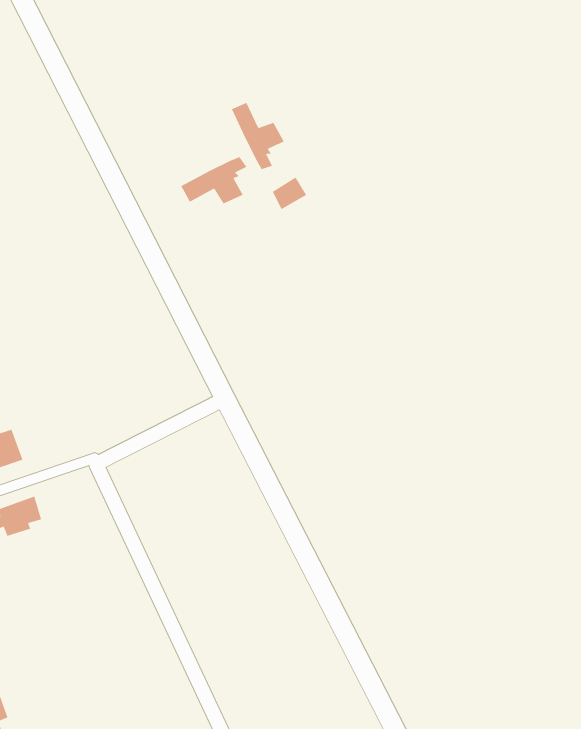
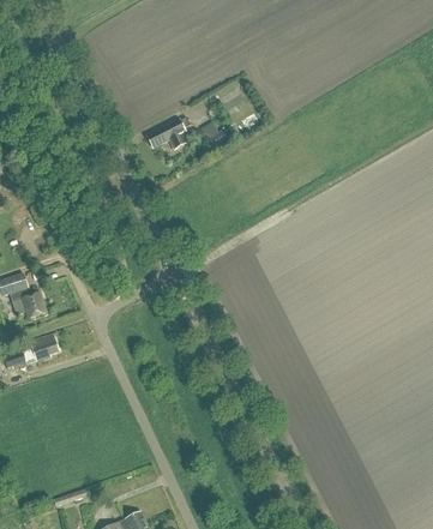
building: [231,102,285,170] -> none

